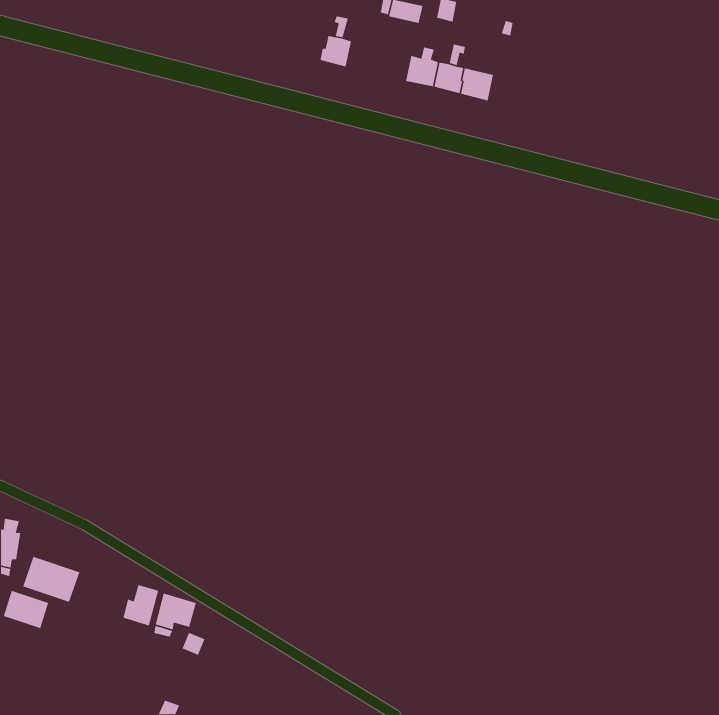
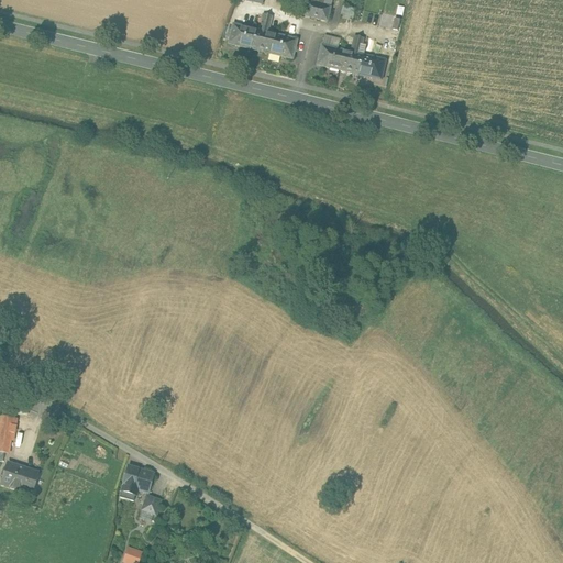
building: none -> [228,22,256,47]
building: none -> [271,32,298,57]
building: [22,556,80,603] -> none
building: [122,584,159,626] -> none

